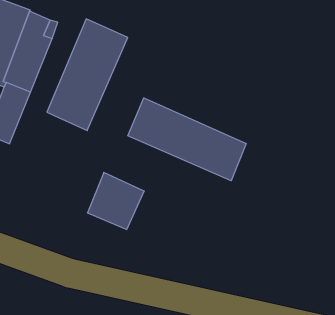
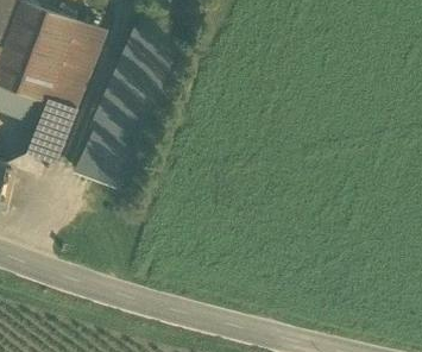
building: [128,98,246,181] -> none
building: [87,172,144,229] -> [76,127,138,189]

